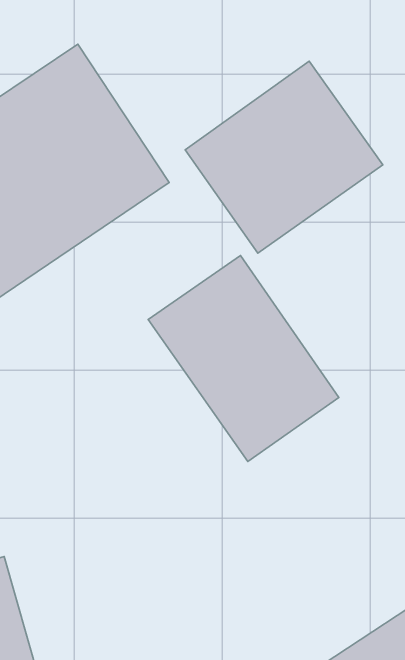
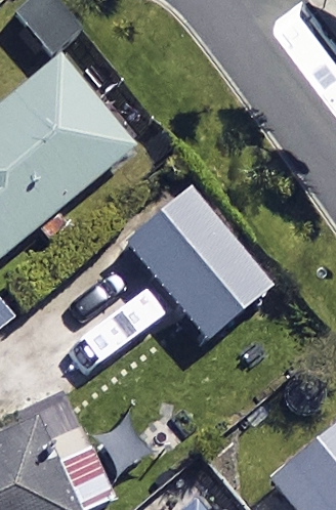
building: [185,61,383,253] -> none

